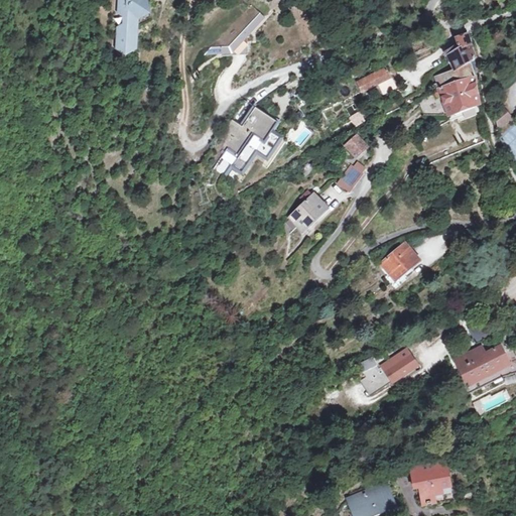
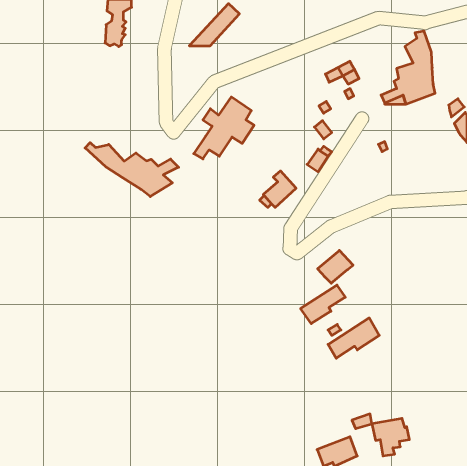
building: none -> [85,143,179,197]
building: [382,243,421,279] -> [318,250,353,283]
building: none -> [301,285,345,324]
building: [457,343,508,381] -> none

